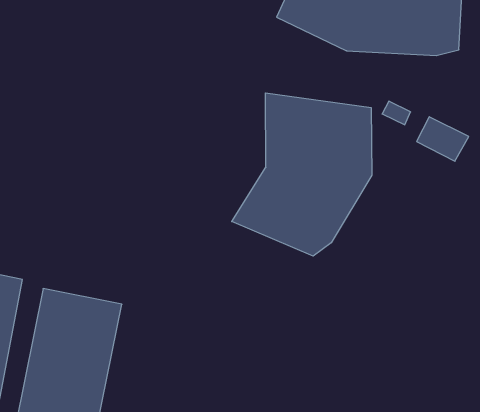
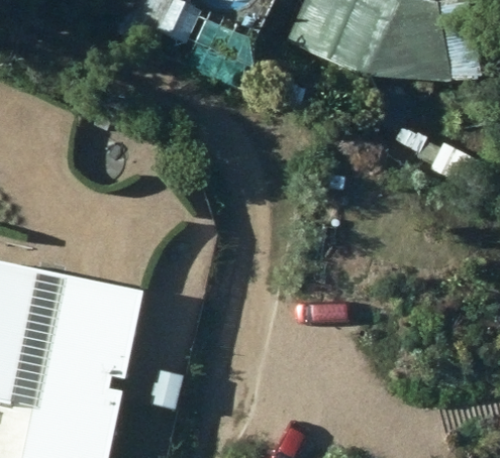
building: [232,93,372,256] -> none

